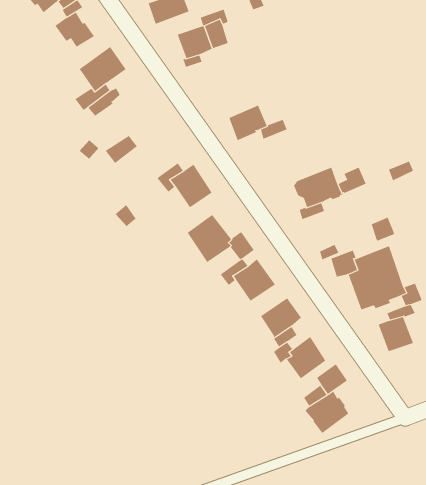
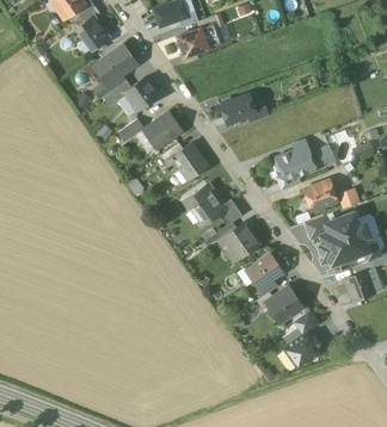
building: none -> [123,76,158,110]
building: none -> [142,112,183,148]
building: none -> [302,179,336,208]

